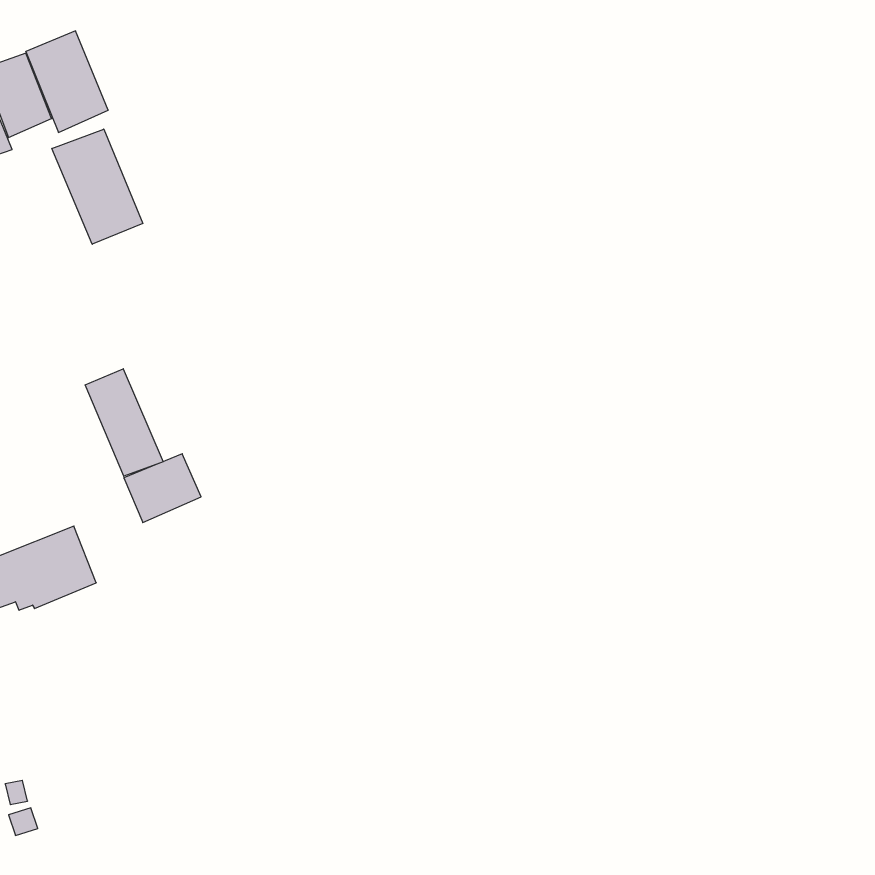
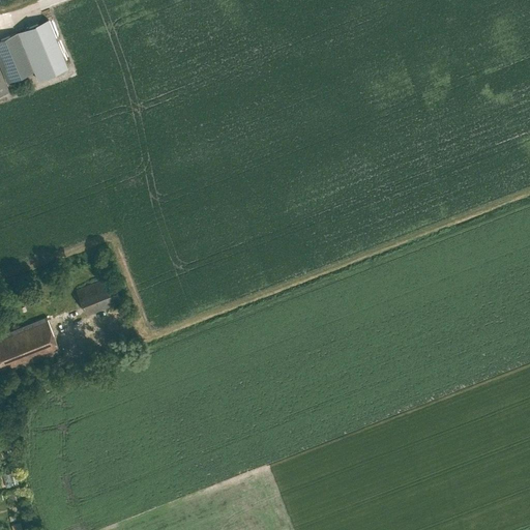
building: [52,129,143,244] -> none
building: [85,369,163,476] -> none

